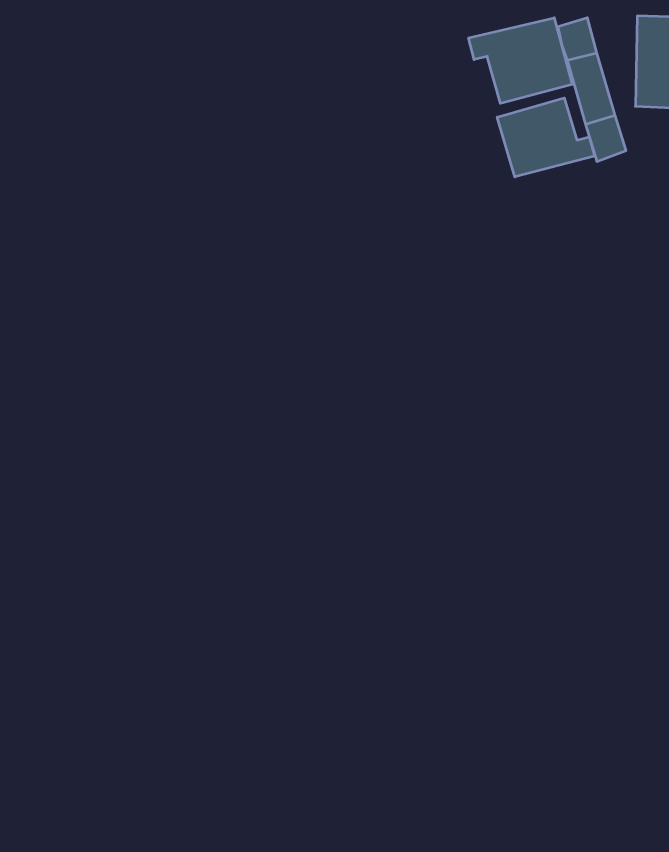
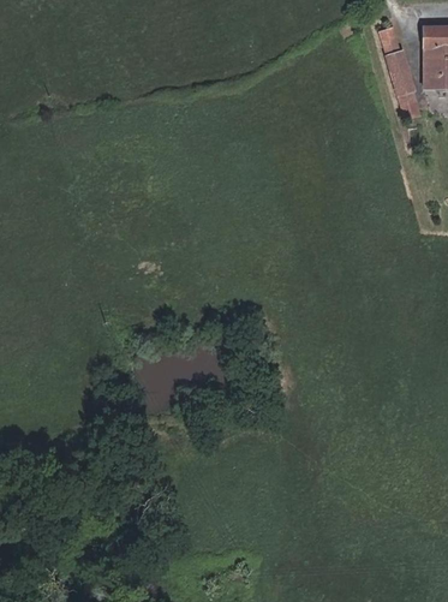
building: [469,18,572,103] -> none
building: [497,98,595,177] -> none

